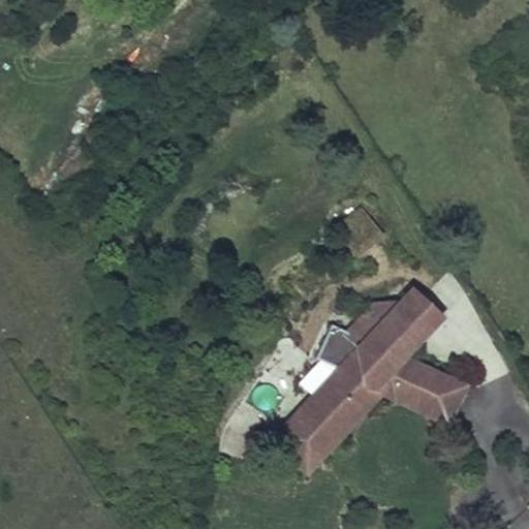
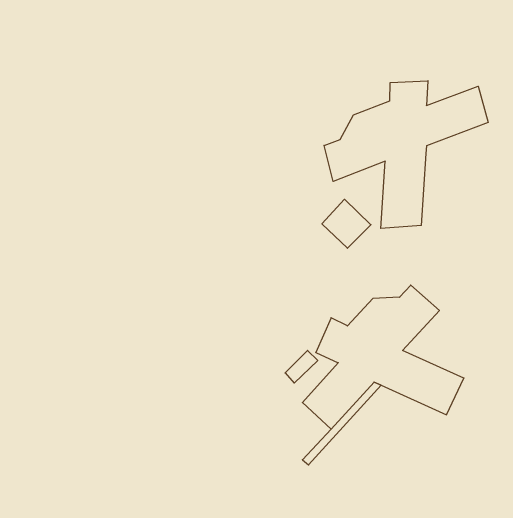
building: none -> [324,81,488,228]
building: [277,407,335,465] -> none

